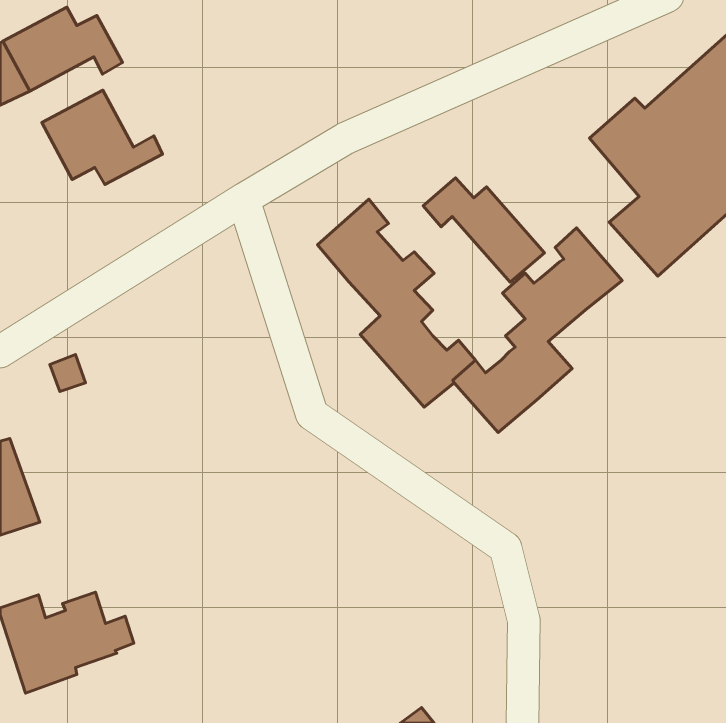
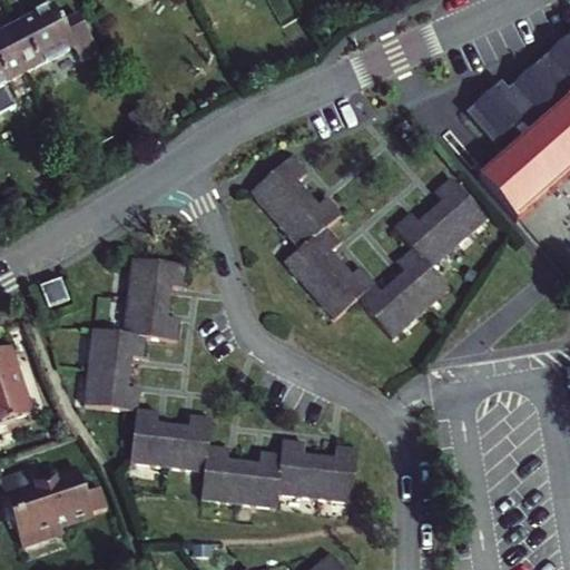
building: [42,90,163,185] -> none
building: [423,178,545,282] -> none
building: none -> [83,257,357,508]

